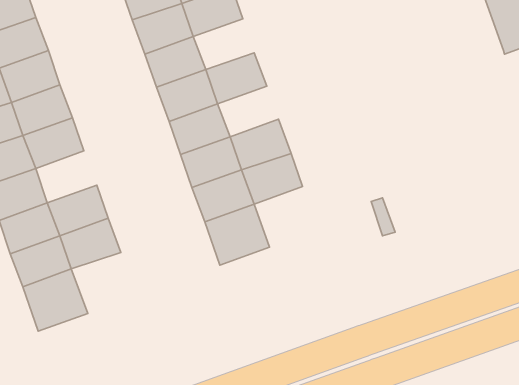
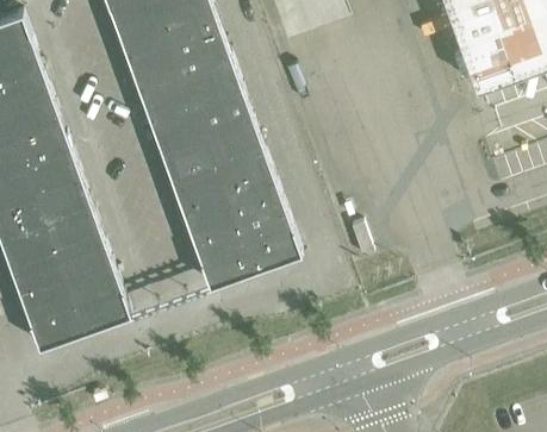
building: none -> [184,58,241,106]
building: none -> [206,121,263,169]
building: none -> [36,182,93,231]
building: none -> [241,215,300,273]
building: none -> [69,277,130,334]

